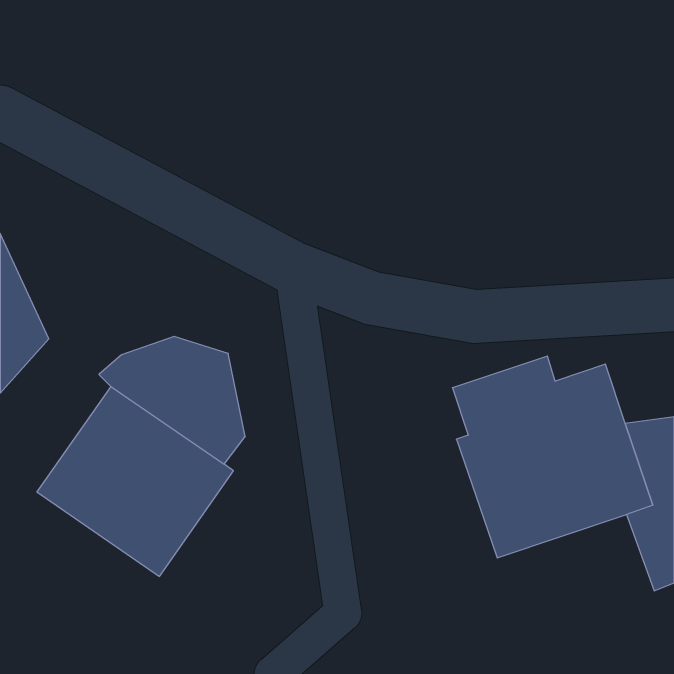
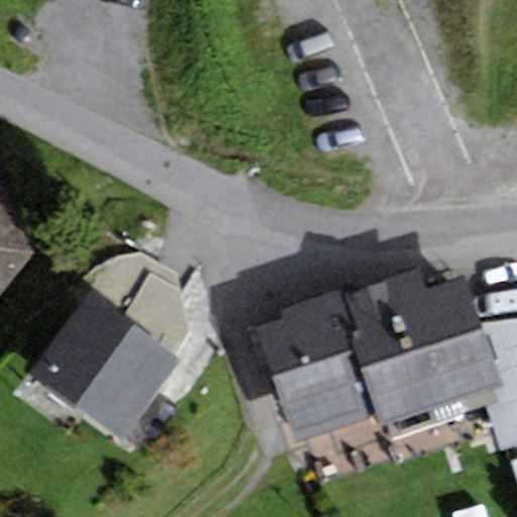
building: none -> [255,290,377,443]

